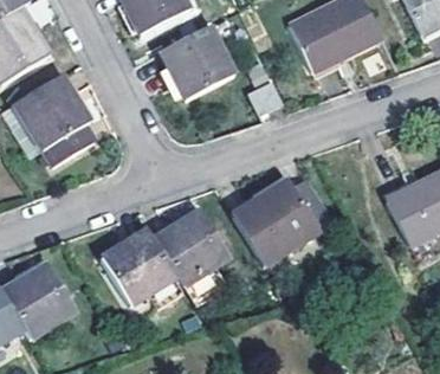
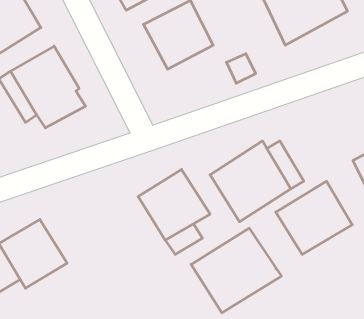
building: none -> [276,181,352,254]
building: [101,230,176,304] -> none
building: none -> [191,228,281,313]

